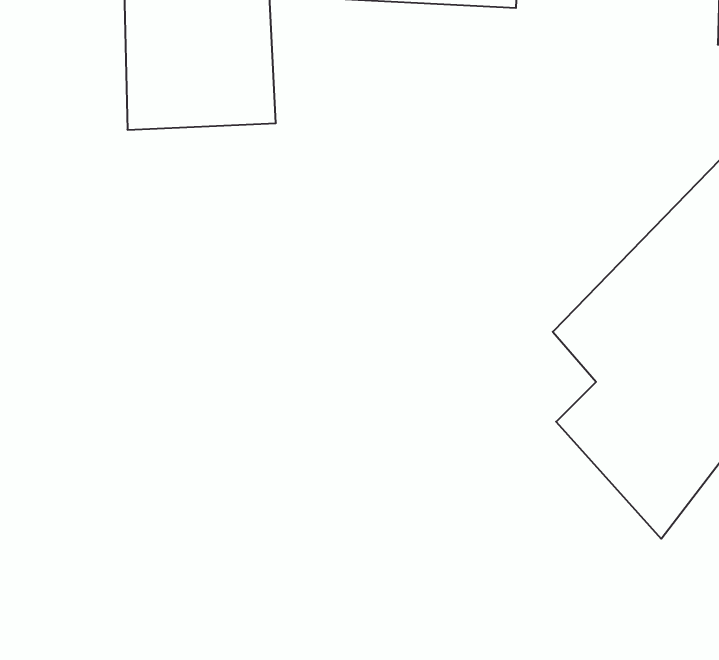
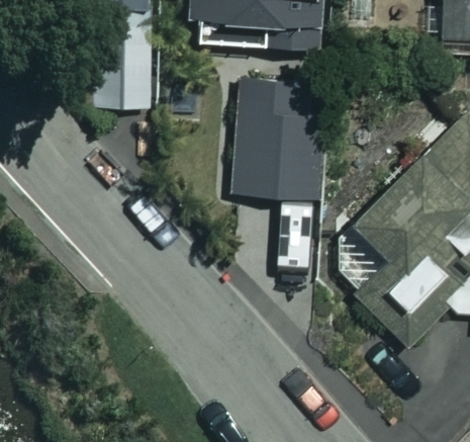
building: none -> [237,79,330,198]

